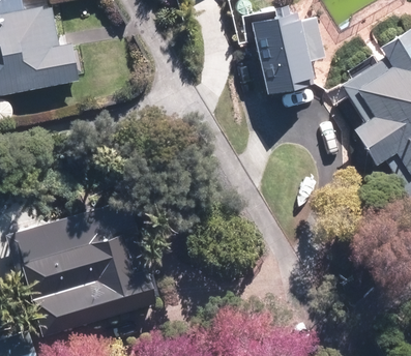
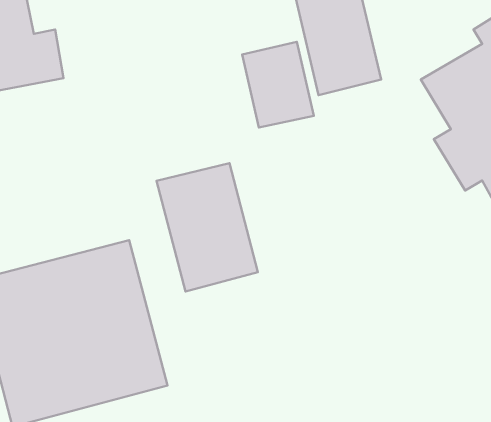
building: none -> [242,42,314,128]
building: none -> [157,163,258,291]

